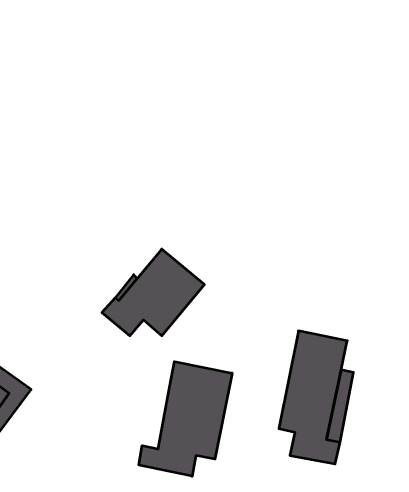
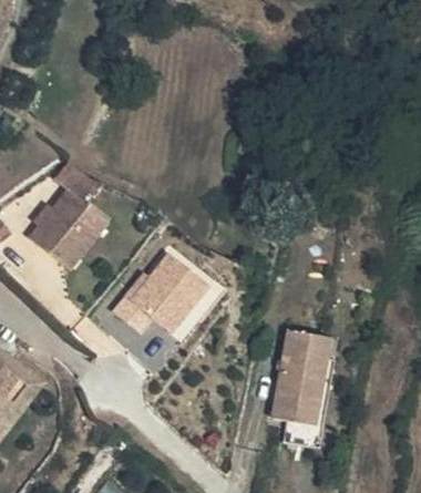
building: none -> [28,191,105,269]
building: [139,362,232,476] -> none

